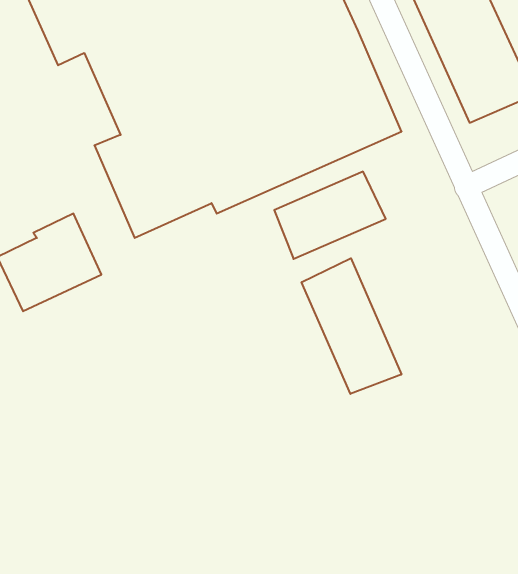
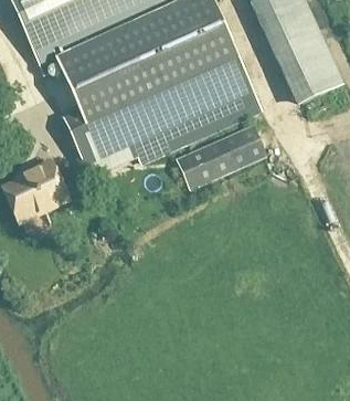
building: none -> [234,124,266,162]
building: [302,258,401,394] -> none

